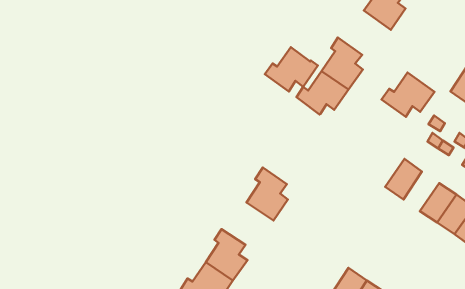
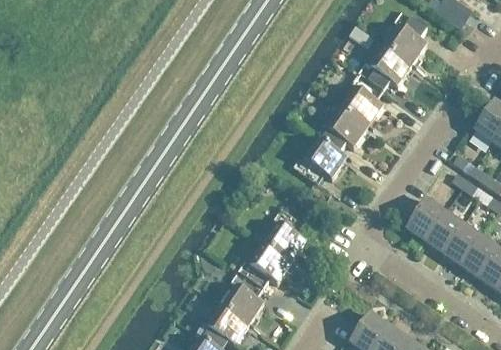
building: [265,47,318,92] -> [291,138,346,184]
building: [382,72,435,117] -> [357,45,412,91]
building: none -> [425,212,462,253]
building: none -> [236,244,290,288]

